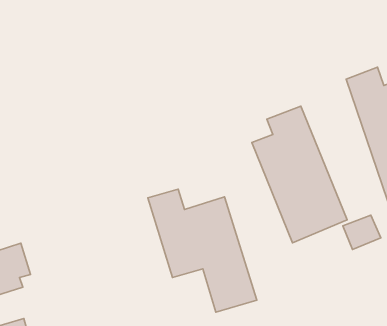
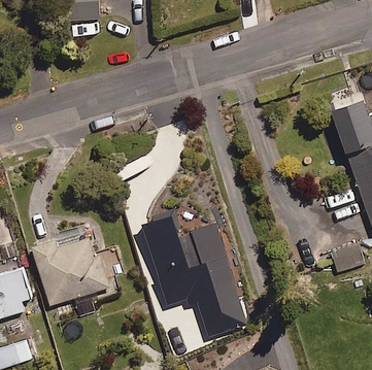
building: [252,106,347,243] -> none
building: none -> [31,237,109,316]

